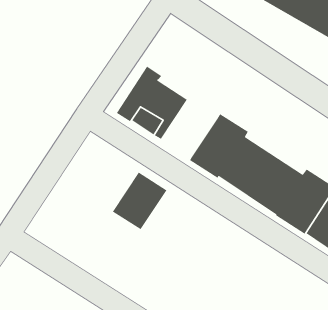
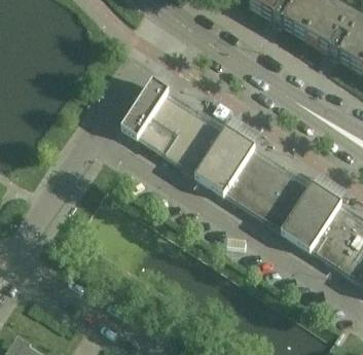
building: [112,172,167,230] -> [167,112,222,171]

